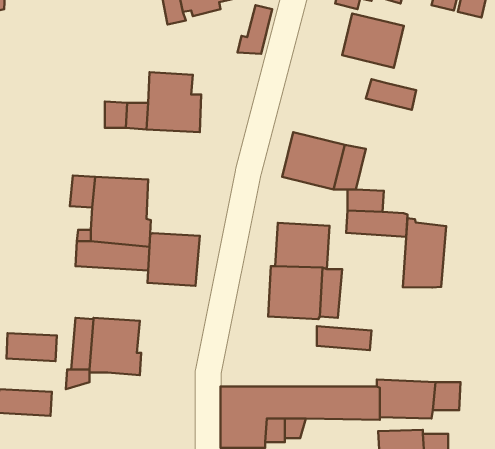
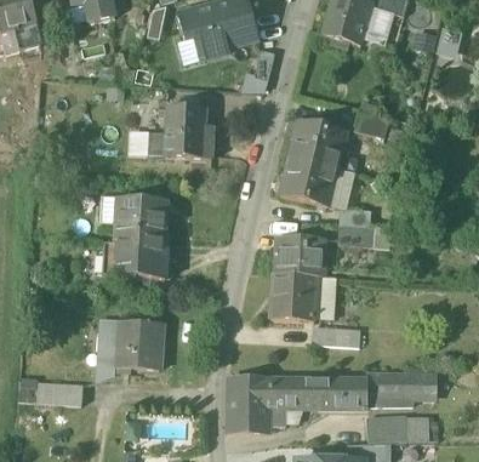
building: [342,13,404,68] -> [292,121,346,169]
building: [403,218,446,287] -> none
building: [147,233,200,286] -> none
building: [6,333,57,361] -> none

